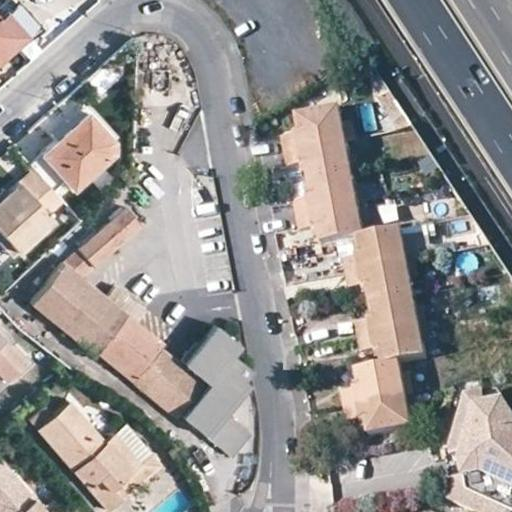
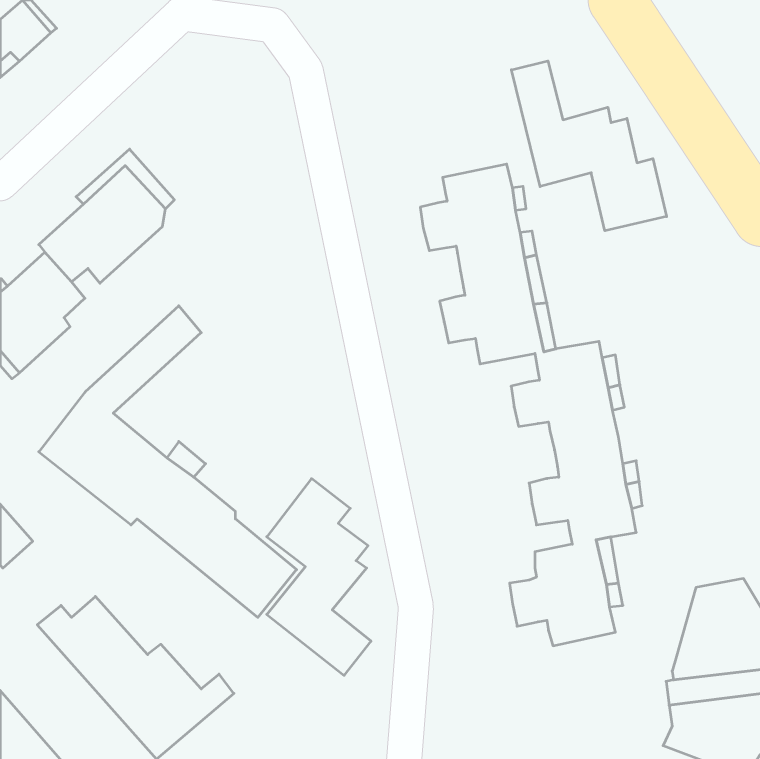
building: none -> [511,61,667,231]

